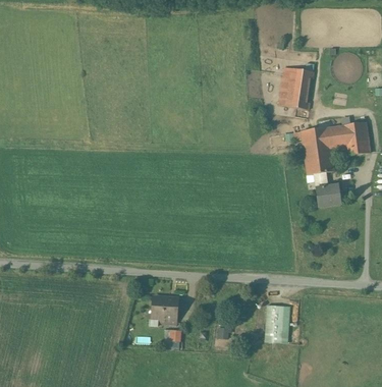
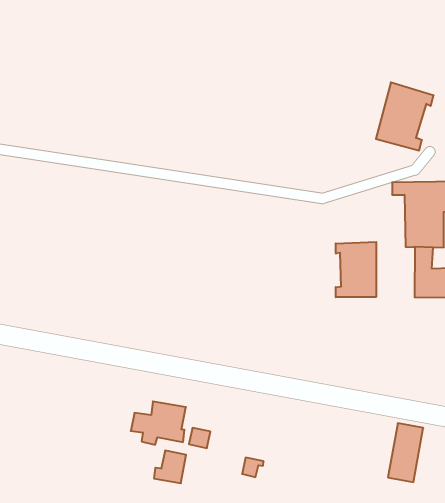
building: none -> [336,242,376,297]
building: [265,303,284,341] -> [388,423,423,482]

